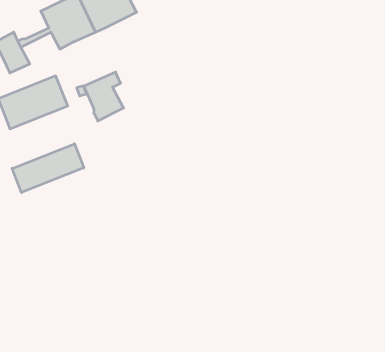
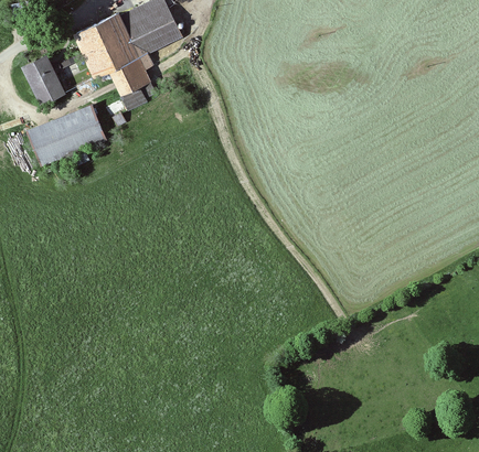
building: [84,72,124,121] -> [110,52,155,106]
building: [12,144,84,193] -> none

